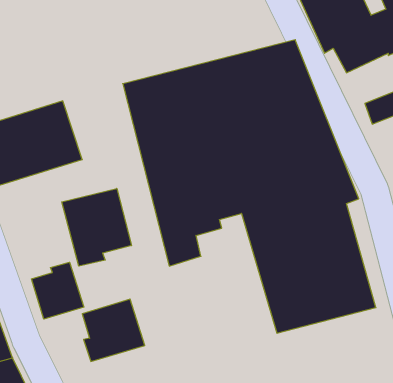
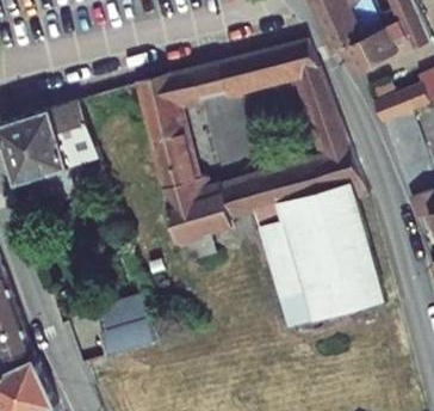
building: [62,188,131,266] -> none
building: [32,262,84,319] -> none

